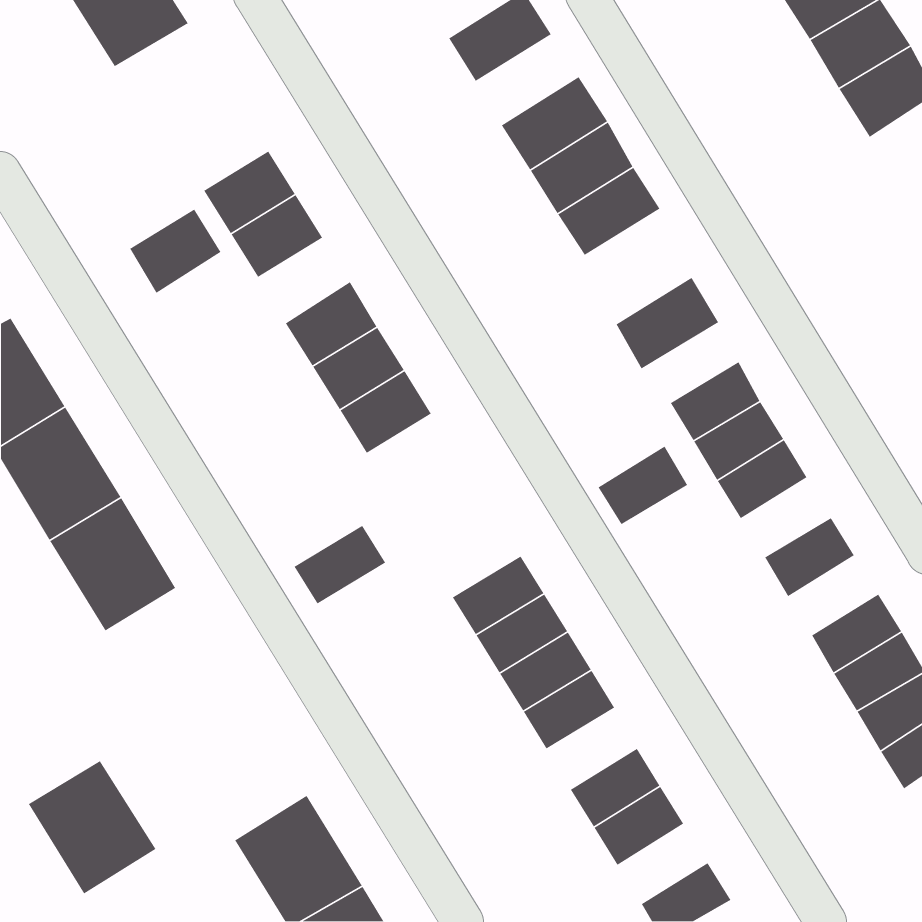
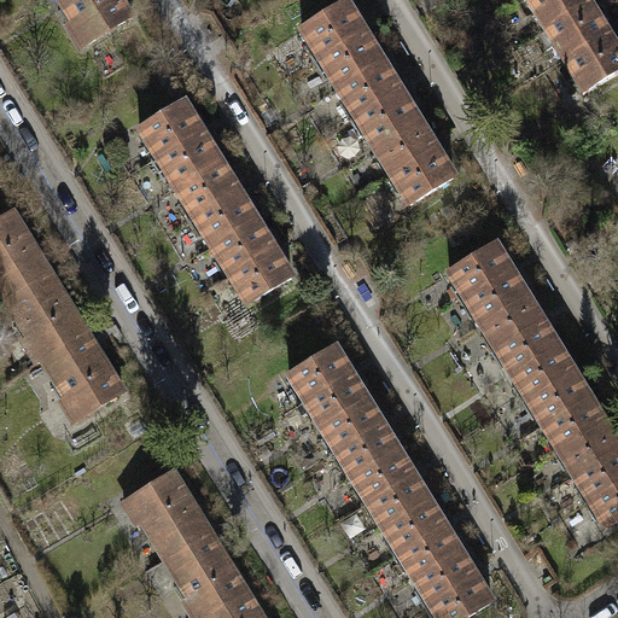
building: none -> [320,23,389,83]
building: [129,209,222,294] -> [175,158,237,215]
building: [616,277,719,370] -> [392,139,461,200]
building: [598,445,688,525] -> [496,317,556,371]
building: [293,525,386,605] -> [288,344,350,397]
building: none -> [527,369,588,422]
building: none -> [367,471,427,525]
building: [28,760,157,894] -> [122,470,208,559]
building: none -> [414,548,474,601]

